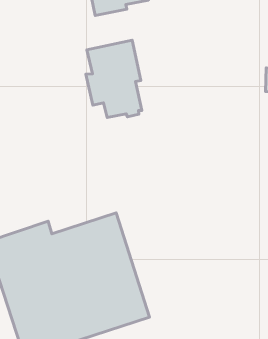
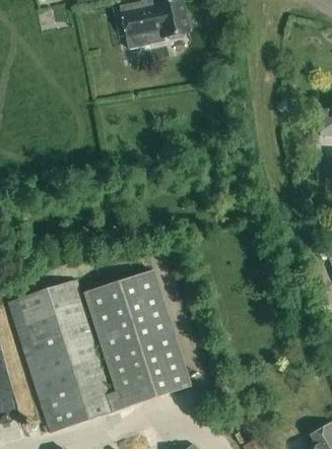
building: [86,40,142,118] -> none

